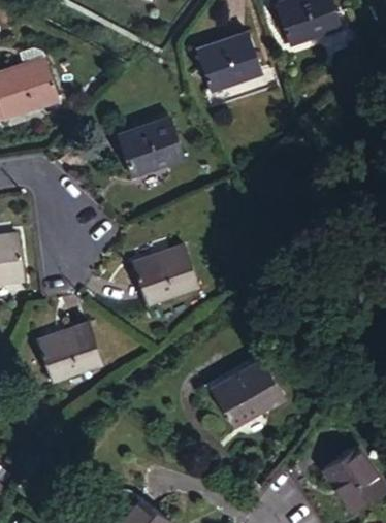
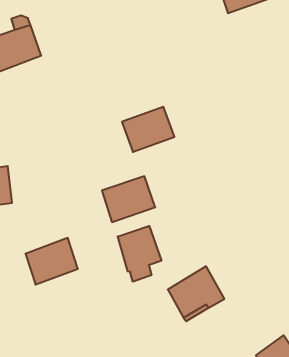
building: [197,35,262,89] -> none
building: [119,119,184,174] -> [122,107,174,152]
building: none -> [118,226,161,282]

